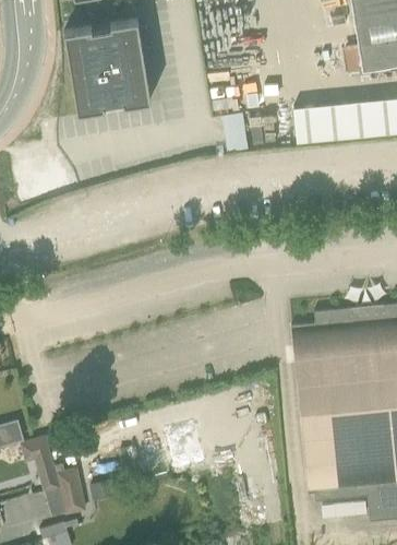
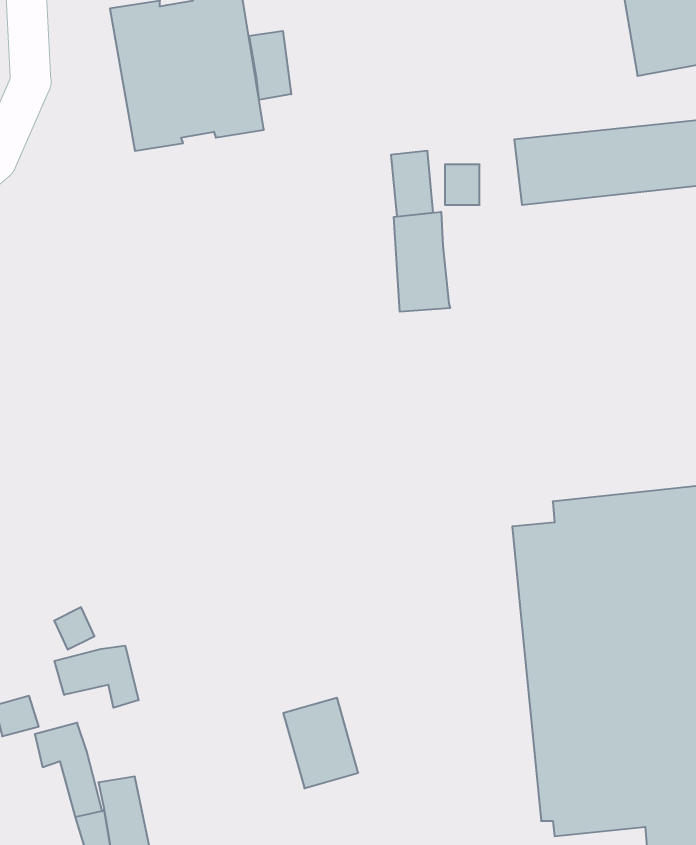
building: none -> [249,31,291,100]
building: none -> [394,212,450,312]
building: none -> [54,646,139,708]

